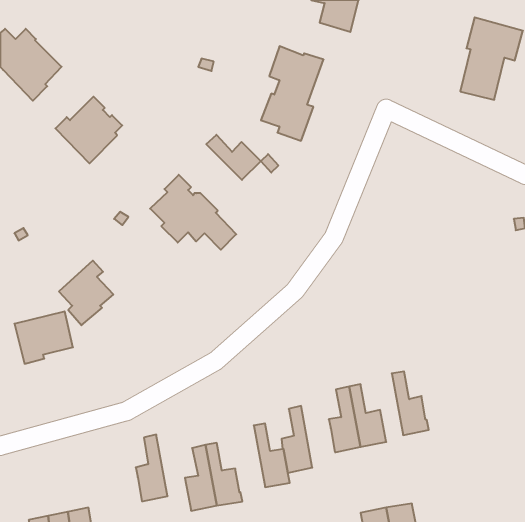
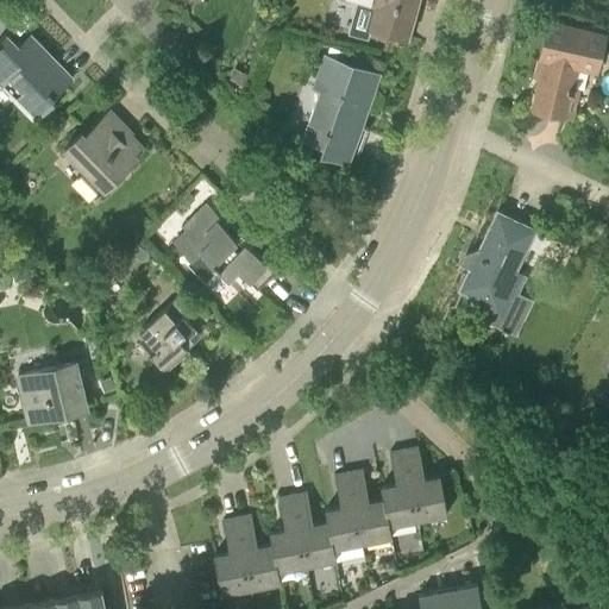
building: [206,135,261,180] -> none
building: none -> [462,213,535,335]
building: [59,261,113,325] -> [139,299,202,373]
building: [392,371,429,435] -> [349,471,391,545]
building: [136,435,168,501] -> [270,496,307,573]

